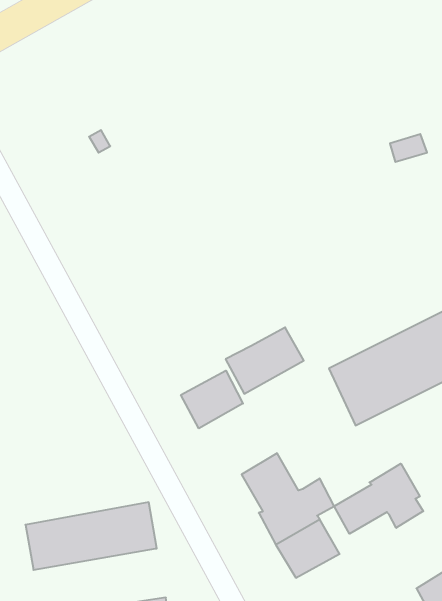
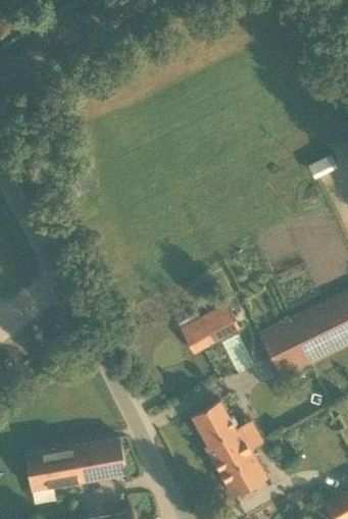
building: [181,371,243,428] -> none
building: [334,464,423,534] -> none

